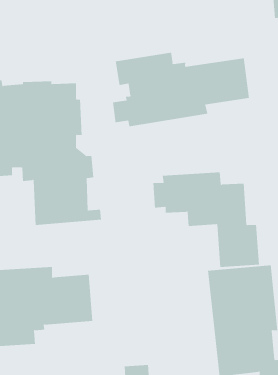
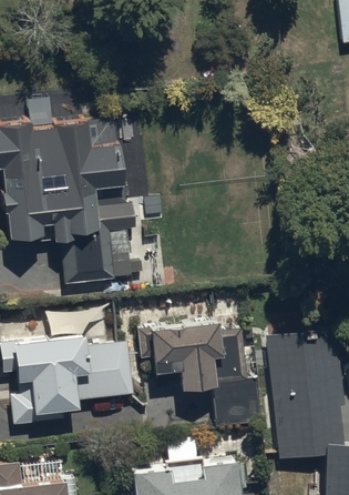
building: [112,52,250,127] -> none
building: [152,172,260,268] -> [136,317,260,428]

